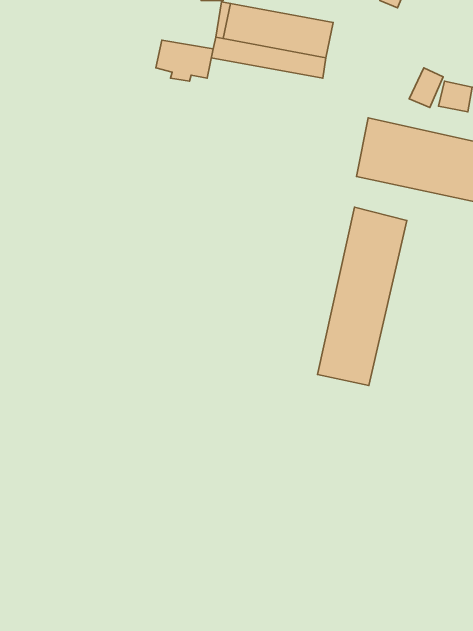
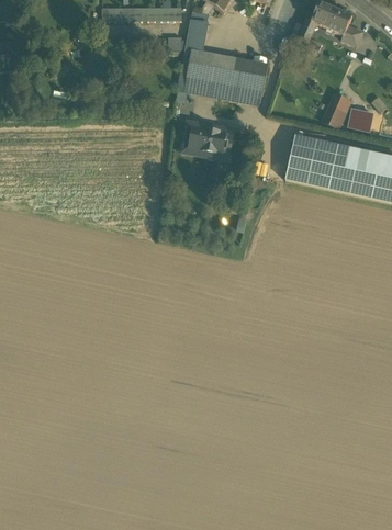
building: [156,40,213,81] -> [189,125,232,156]
building: [317,207,407,385] -> none

